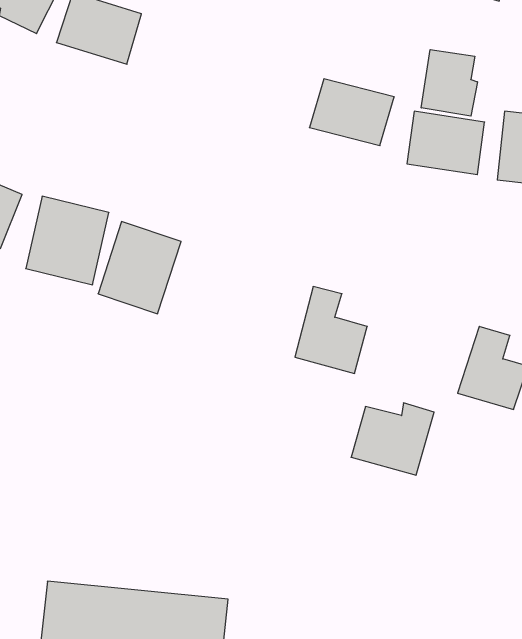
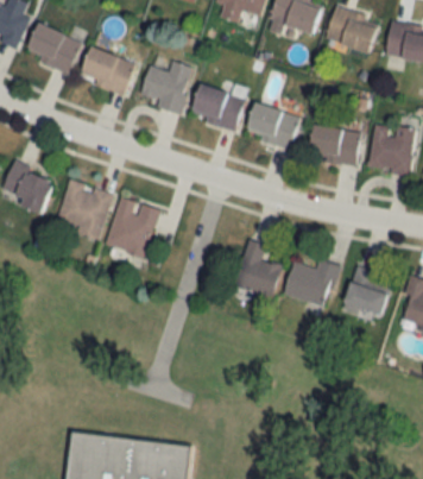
building: none -> [141,59,194,113]
building: none -> [190,80,245,130]
building: [421,50,477,116] -> none
building: [351,403,434,475] -> [284,259,339,307]

